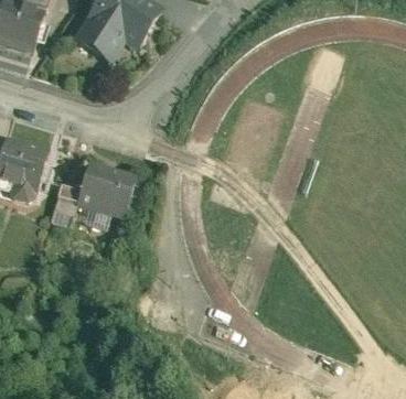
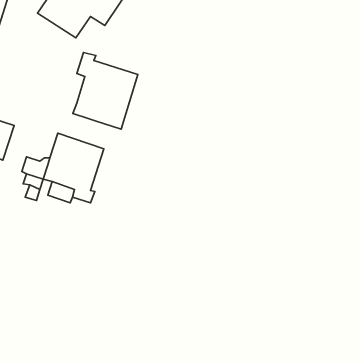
building: none -> [73,53,138,129]

